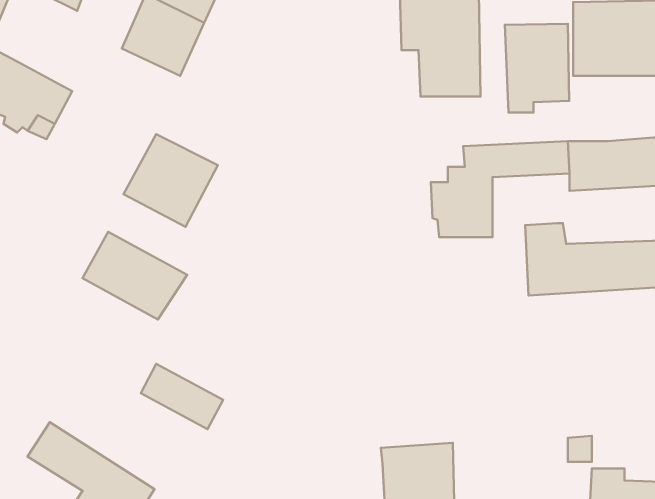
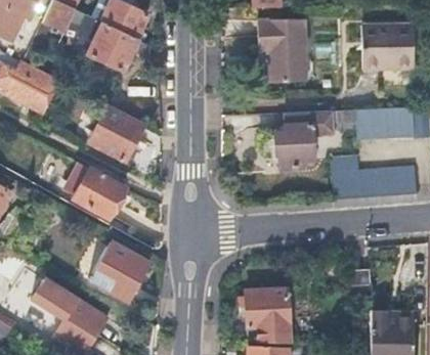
building: [505,24,569,113] -> none
building: none -> [91,260,141,301]

